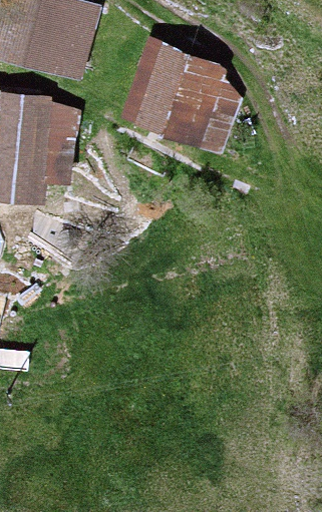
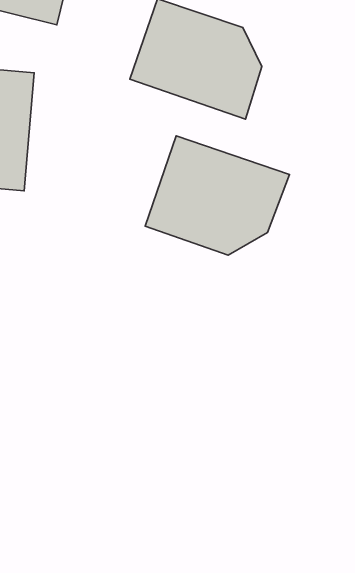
building: none -> [145,136,289,255]

